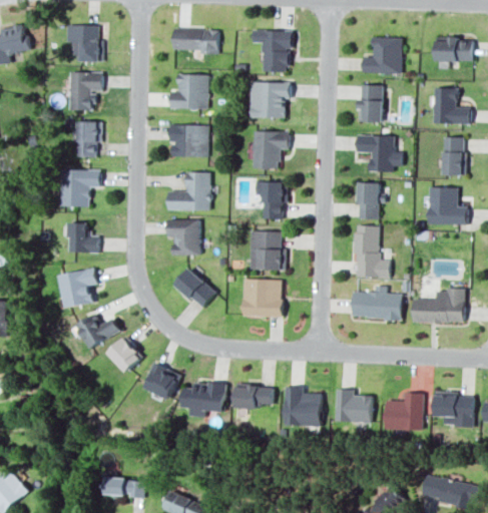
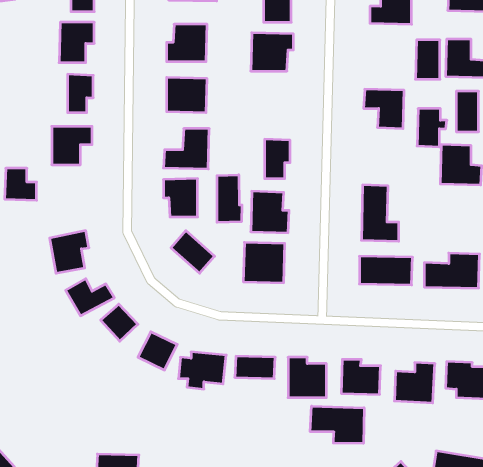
building: [359,85,382,122] -> [415,40,440,79]
building: [252,131,289,169] -> none
building: [357,183,385,219] -> [417,109,447,147]
building: none -> [217,175,242,222]
building: [68,223,98,253] -> [5,168,37,200]
building: none -> [310,406,364,443]

